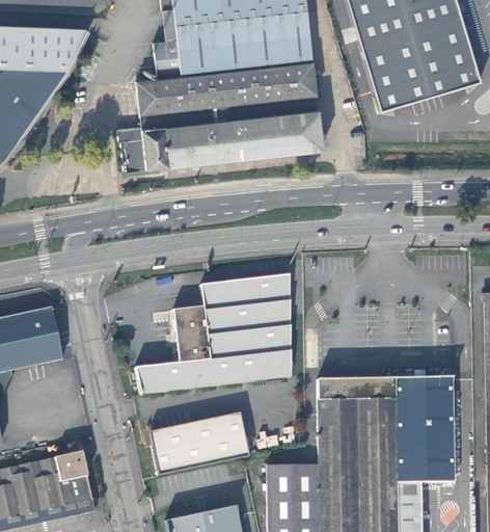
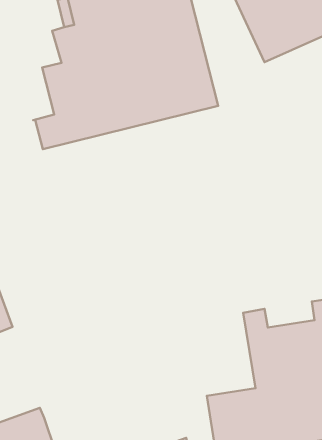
building: [129,273,294,395] -> none
building: [341,376,393,398] -> none
building: [149,413,251,475] -> none

